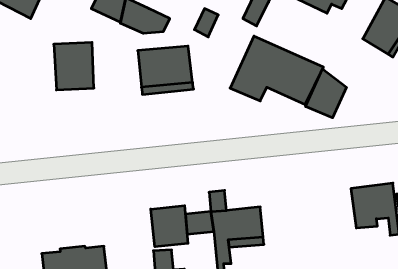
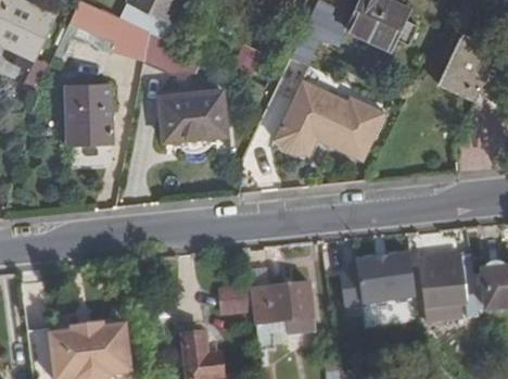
building: [306,69,346,118] -> none
building: none -> [336,250,408,304]
building: [151,206,188,247] -> none

